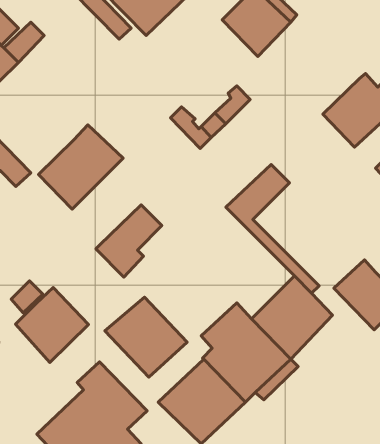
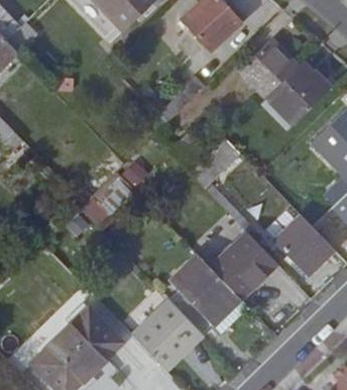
building: none -> [243,40,299,96]
building: [38,125,123,209] -> none
building: [16,287,89,362] -> none
building: [105,297,187,377] -> none

